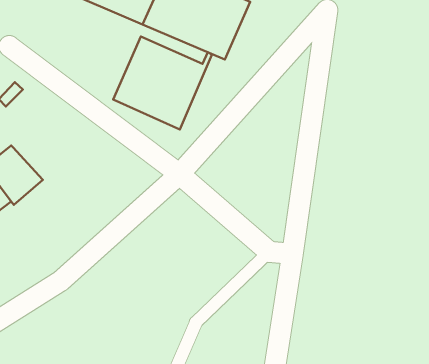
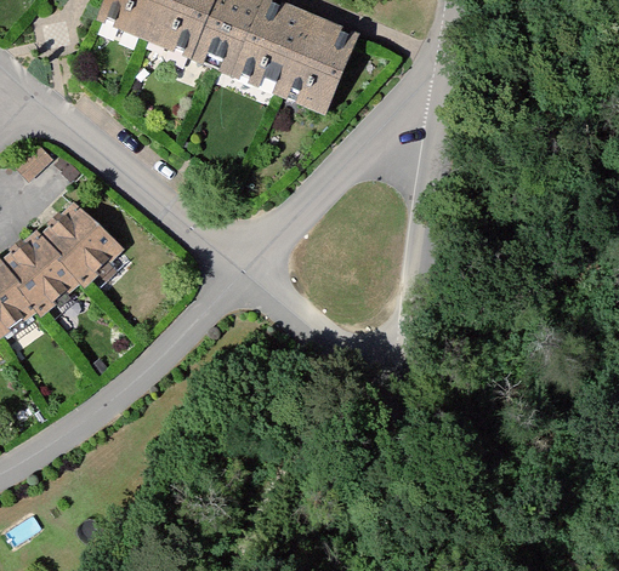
building: [113,36,212,129] -> none
building: none -> [39,200,121,281]

